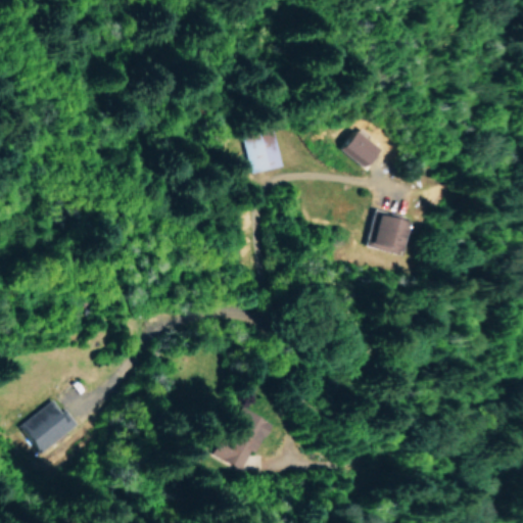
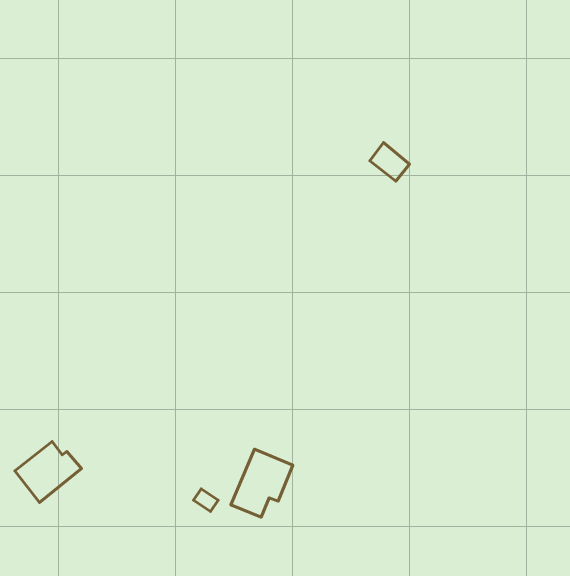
building: [245,127,285,174] -> none
building: [367,211,406,255] -> none

